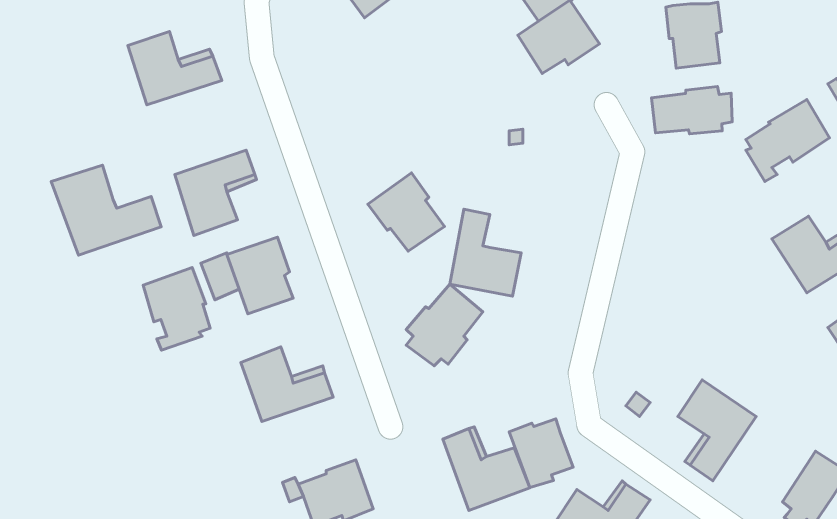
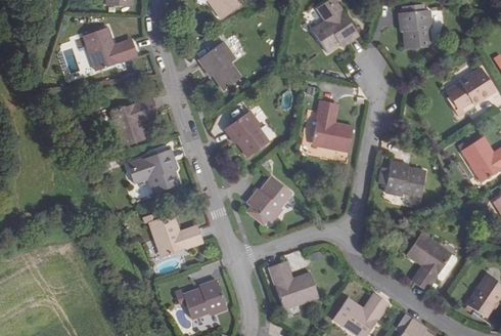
building: none -> [198,42,241,90]
building: [651,87,732,134] -> none
building: [51,165,161,255] -> none
building: [450,209,521,296] -> [312,100,354,152]
building: none -> [384,162,426,197]
building: [143,268,210,350] -> none
building: [509,419,573,488] -> none

